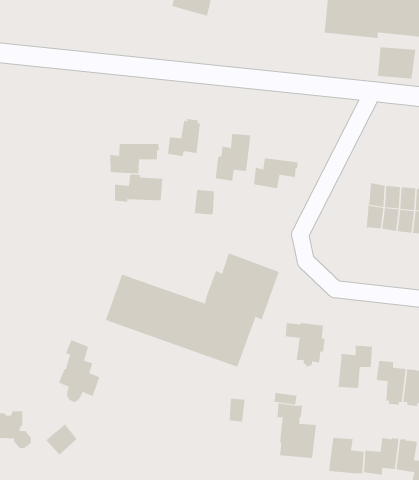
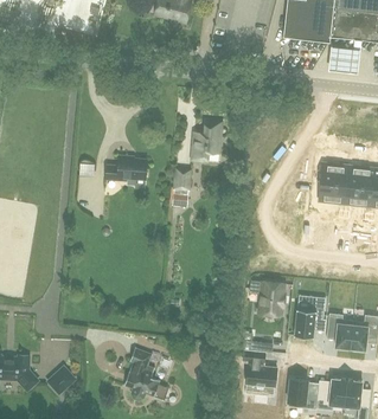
building: [168,118,201,157] -> none
building: [110,143,159,174] -> none
building: [253,157,298,189] -> none
building: [105,253,280,368] -> none
building: [58,339,100,402] -> [124,348,160,401]

